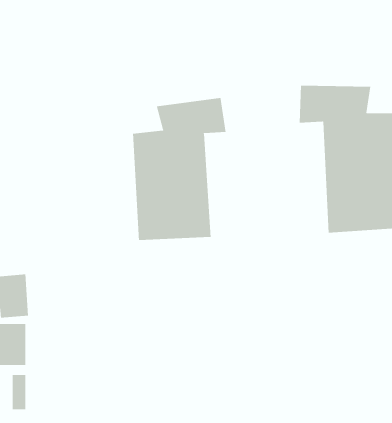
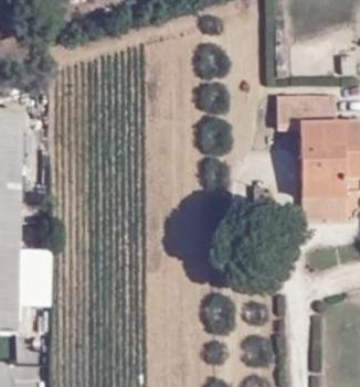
building: [132,97,226,241] -> none

